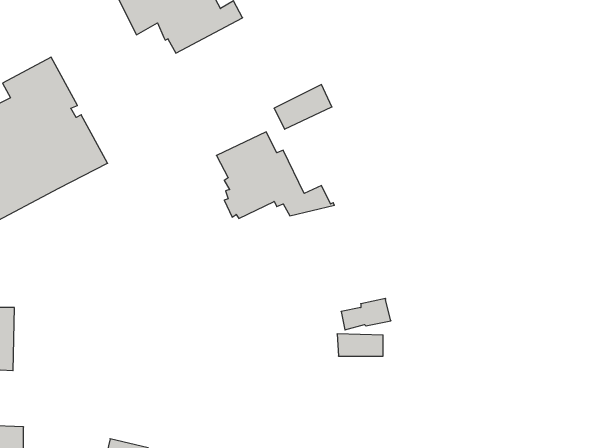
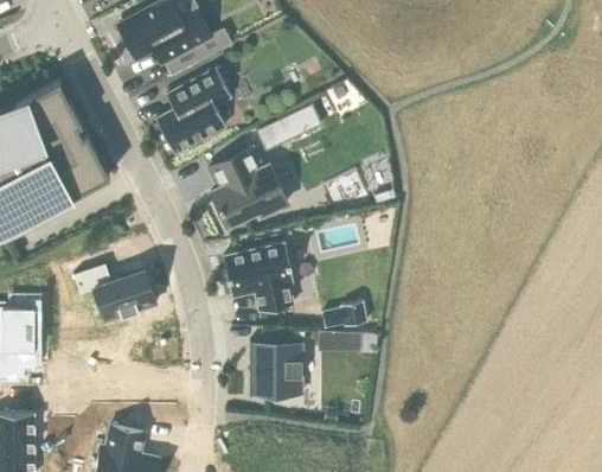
building: none -> [155,68,231,154]
building: none -> [223,243,294,312]
building: none -> [75,266,156,317]
building: none -> [249,342,301,397]

